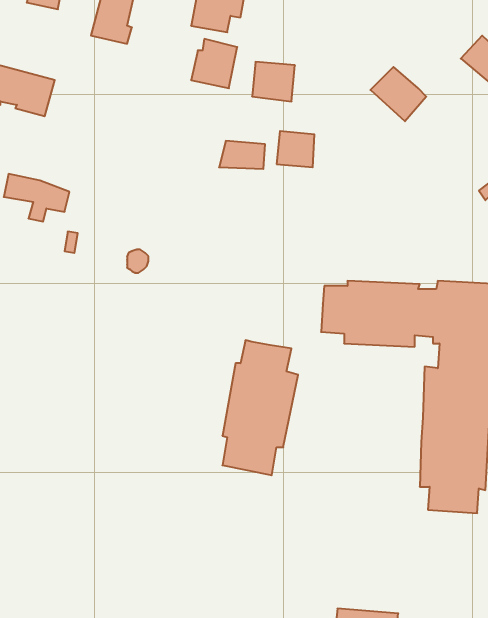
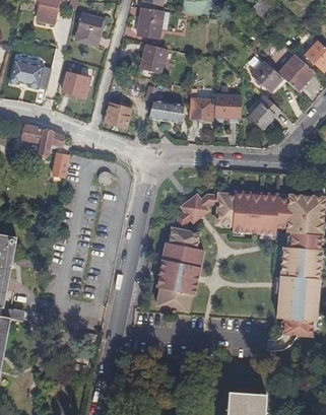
building: none -> [277,54,314,91]
building: [252,62,295,101] -> [214,94,241,119]
building: none -> [63,72,90,95]
building: none -> [249,95,280,129]
building: none -> [104,102,131,129]
building: none -> [175,194,219,231]

